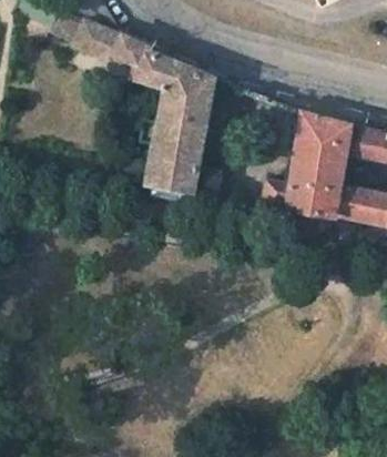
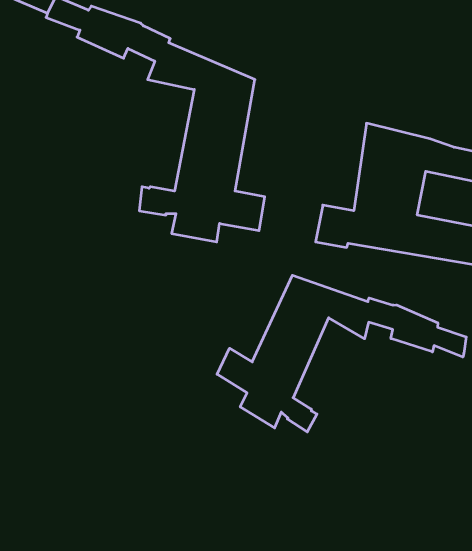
building: none -> [217,275,466,432]

